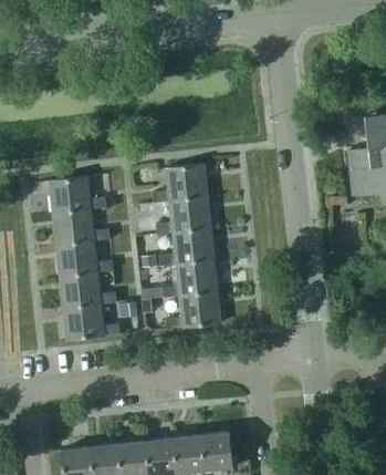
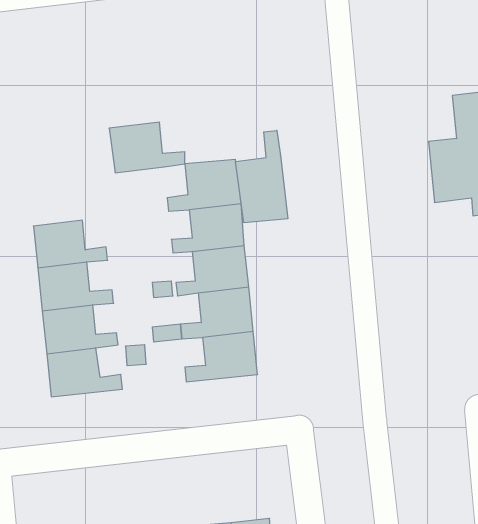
building: none -> [236,130,288,223]
building: [49,176,105,214] -> [109,122,185,173]

